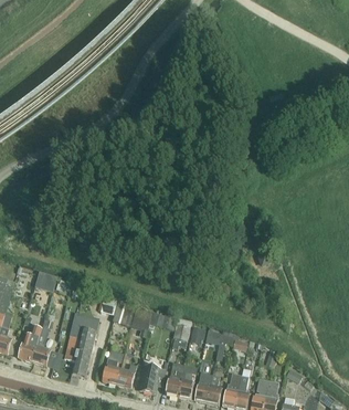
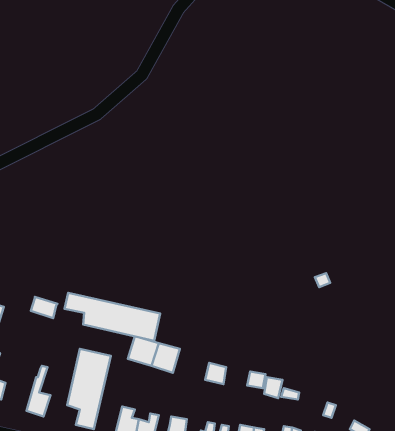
building: none -> [65,293,160,341]
building: [18,324,43,360] -> none

